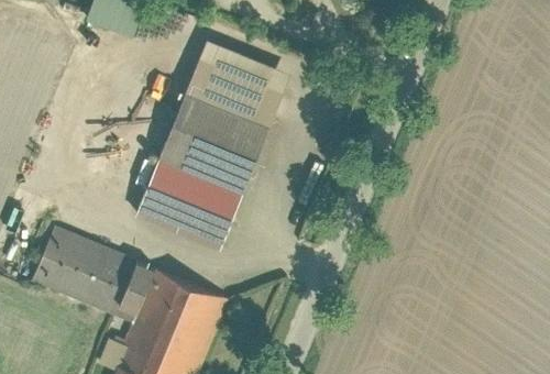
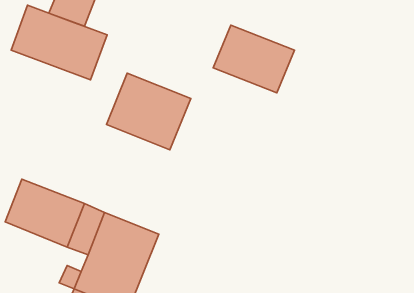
building: none -> [11,5,107,80]
building: [187,41,289,127] -> [213,25,294,93]
building: [136,160,241,250] -> none

